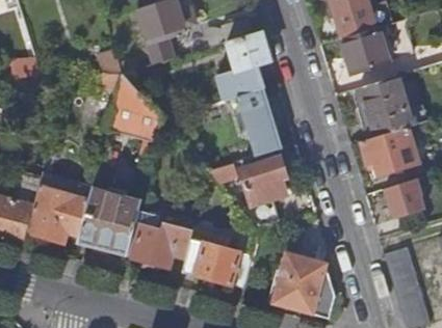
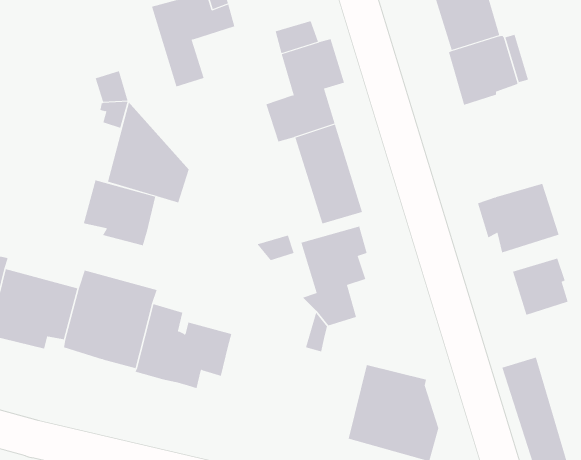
building: [350,76,414,138] -> none
building: none -> [83,179,156,246]
building: [182,231,251,289] -> none

